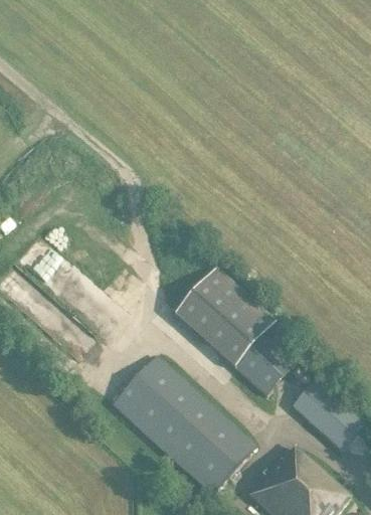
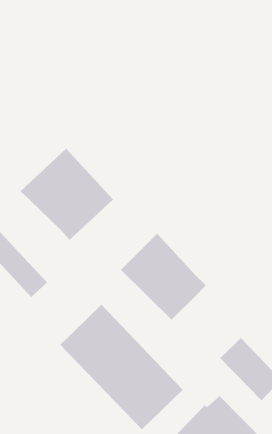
building: none -> [20,148,114,241]
building: [236,335,294,393] -> none

